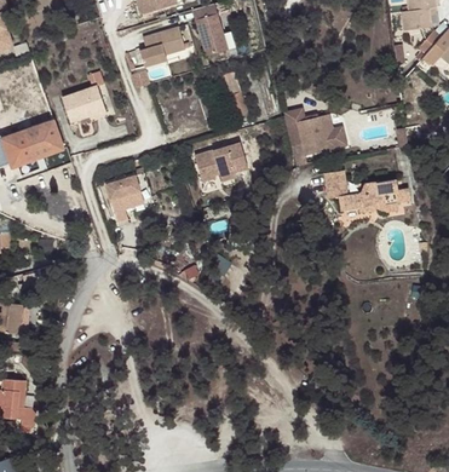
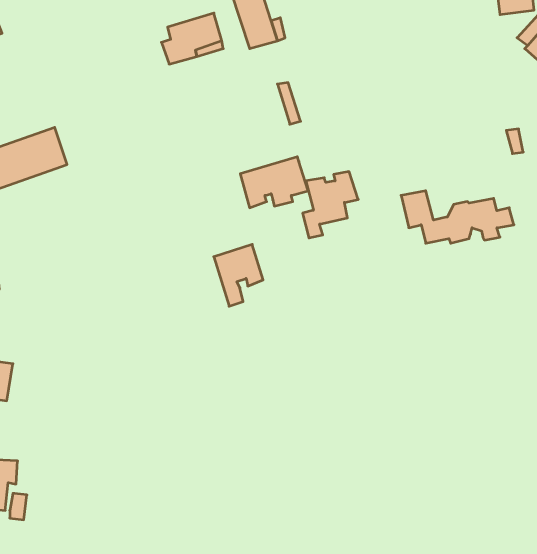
building: [59,71,104,122] -> none
building: [293,113,336,165] -> [303,172,358,238]
building: [108,173,146,221] -> [214,244,263,306]

